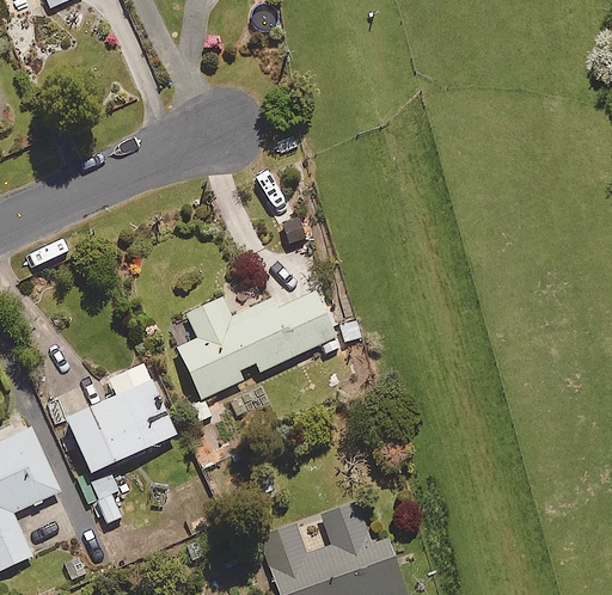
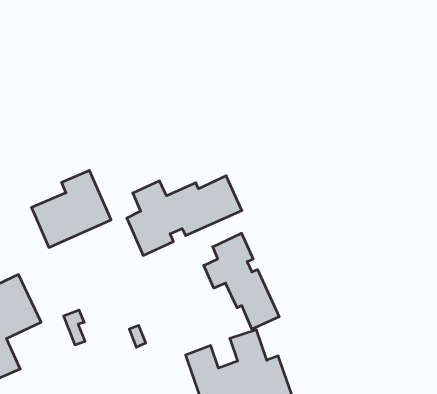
building: [66,364,176,471] -> [31,170,111,247]
building: none -> [204,233,279,329]

